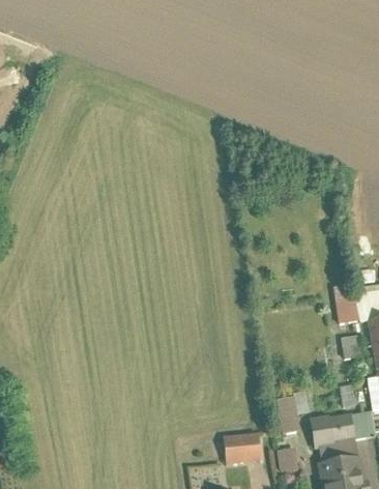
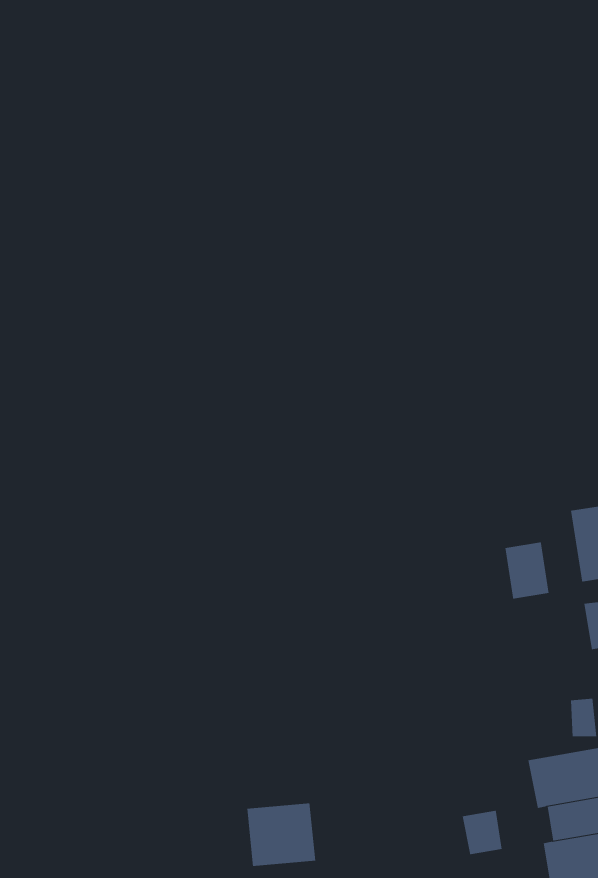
building: none -> [505,541,549,600]
building: [274,398,297,432] -> none
building: [224,433,261,467] -> [247,803,316,867]

